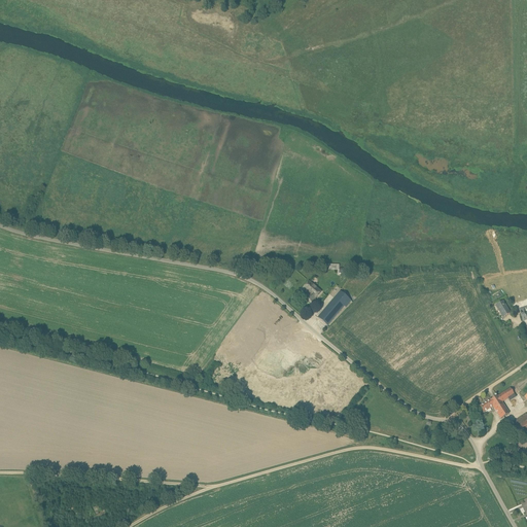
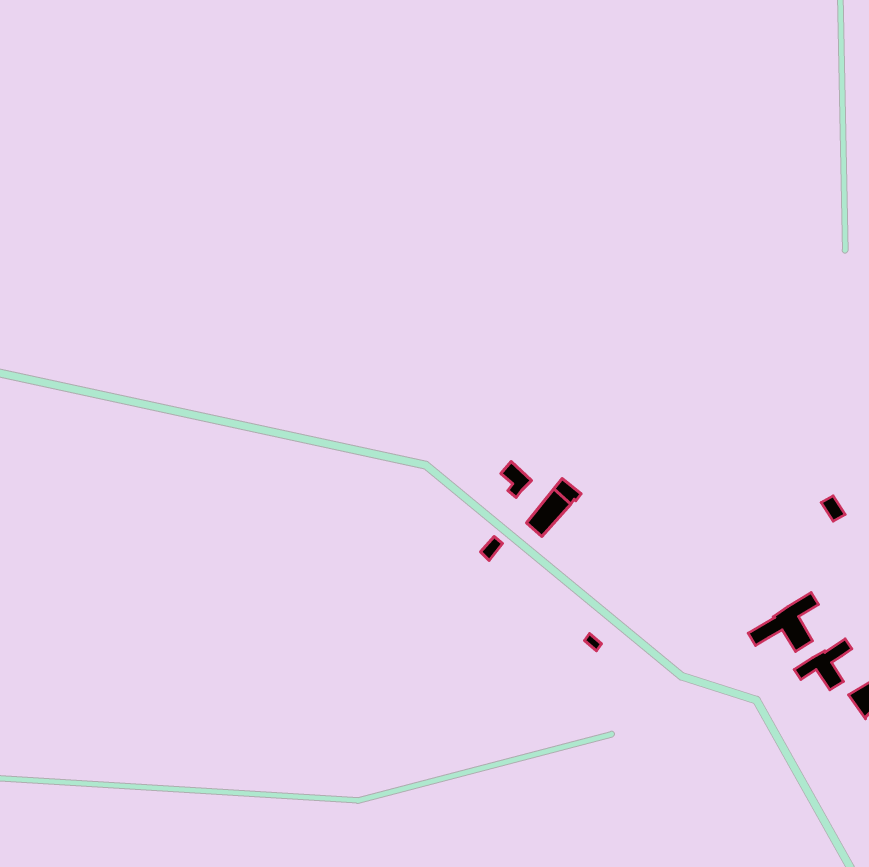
building: none -> [748,592,818,652]

